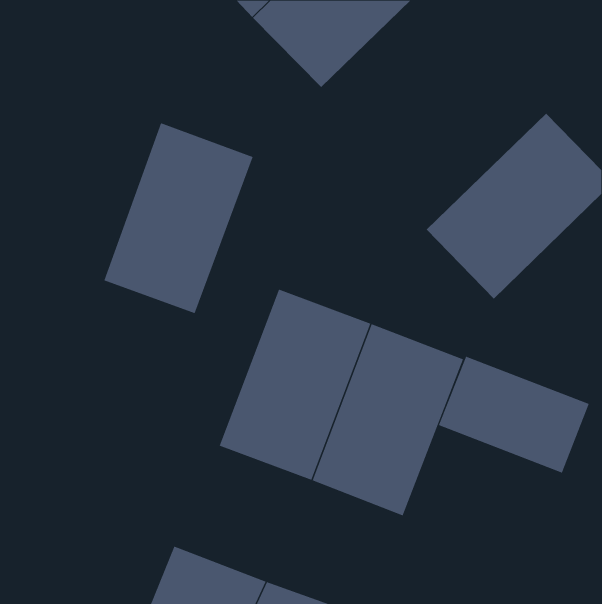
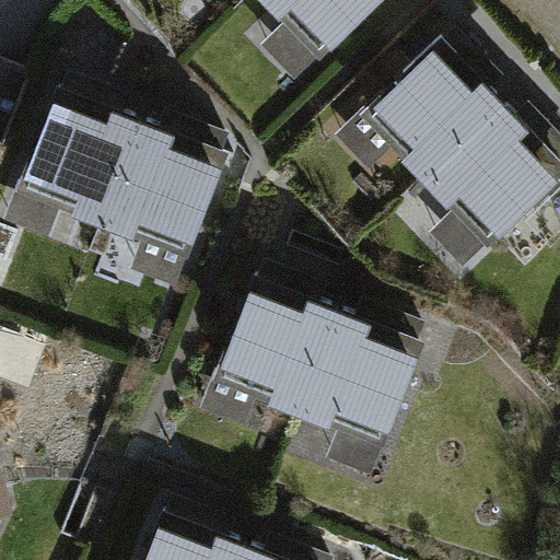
building: none -> [327,42,502,214]
building: none -> [9,85,148,261]
building: [438,356,590,473] -> none

